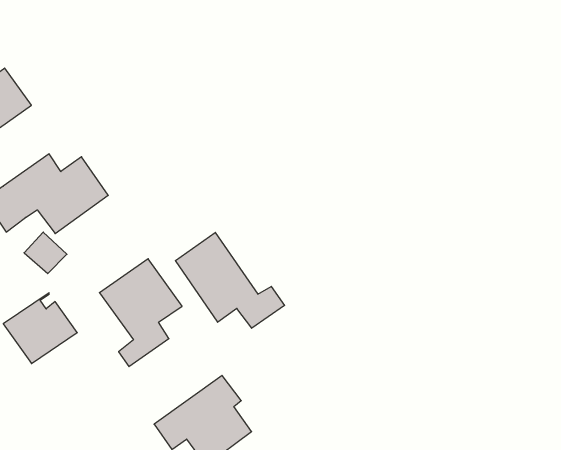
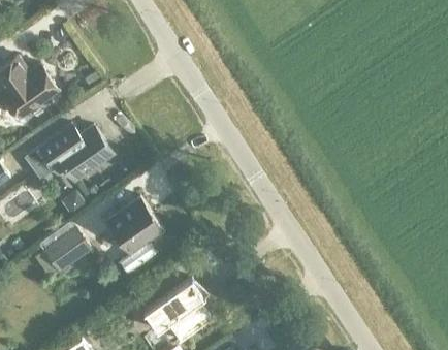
building: [175,232,285,328] -> none

